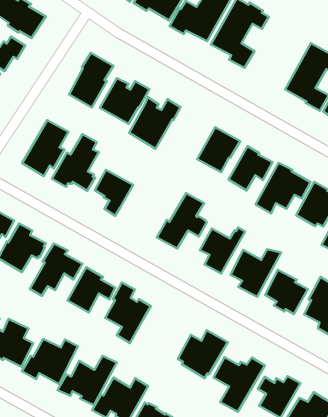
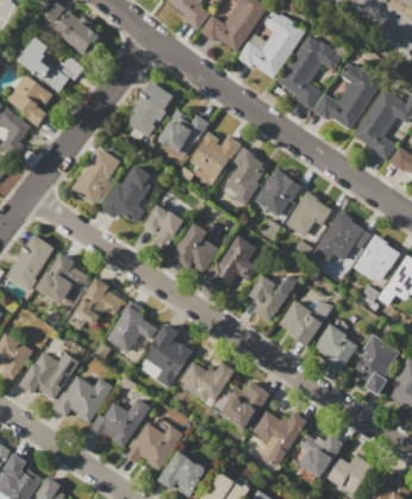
building: none -> [313,62,381,130]
building: none -> [225,146,264,206]
building: none -> [171,222,219,273]
building: none -> [179,361,236,407]

